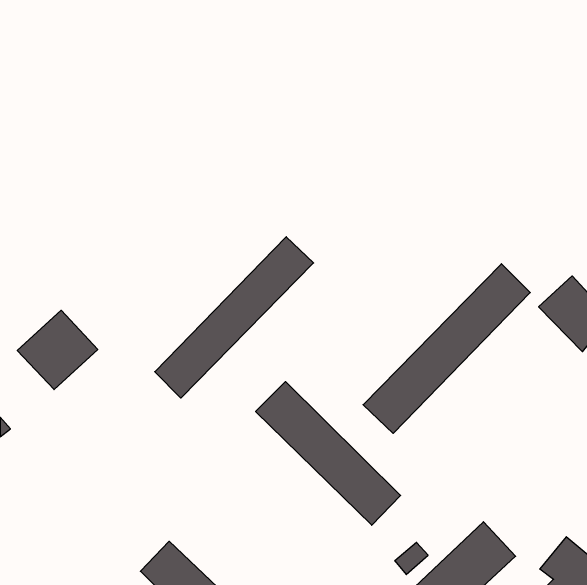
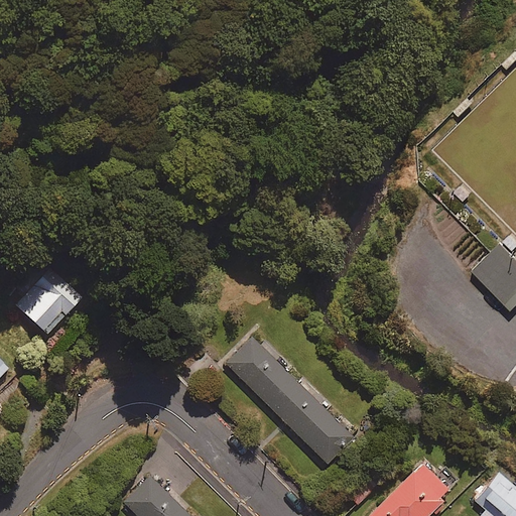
building: [155,237,314,398] -> none
building: [363,264,530,433] -> none

